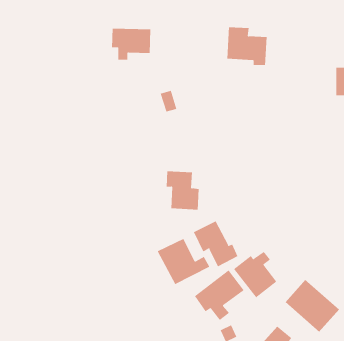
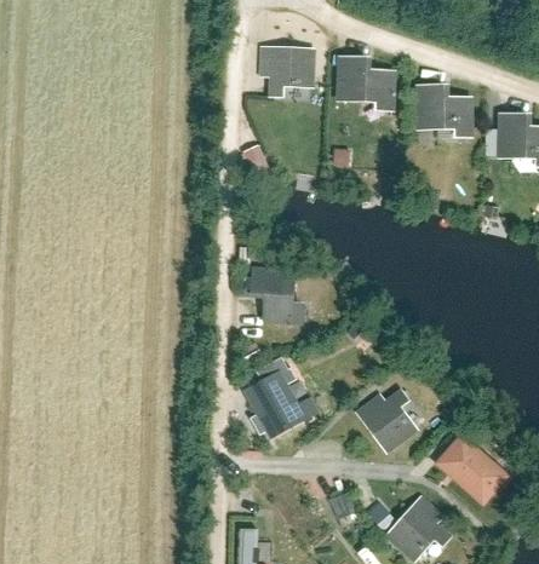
building: [111,28,151,60] -> [256,46,315,93]
building: none -> [423,88,481,142]
building: [193,220,238,267] -> none
building: [194,270,245,321] -> none

